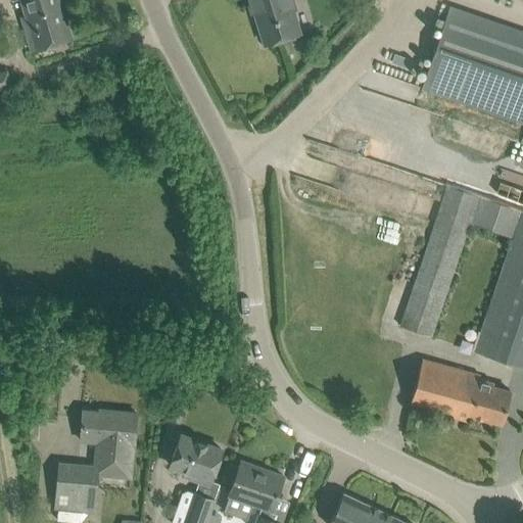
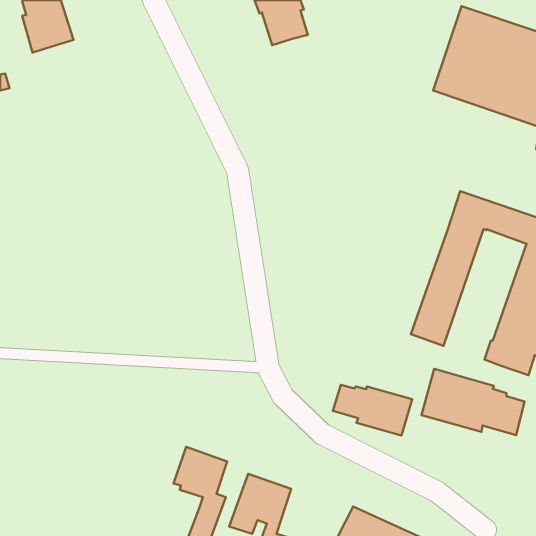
building: none -> [333,385,412,435]
building: [53,411,138,516] -> none

